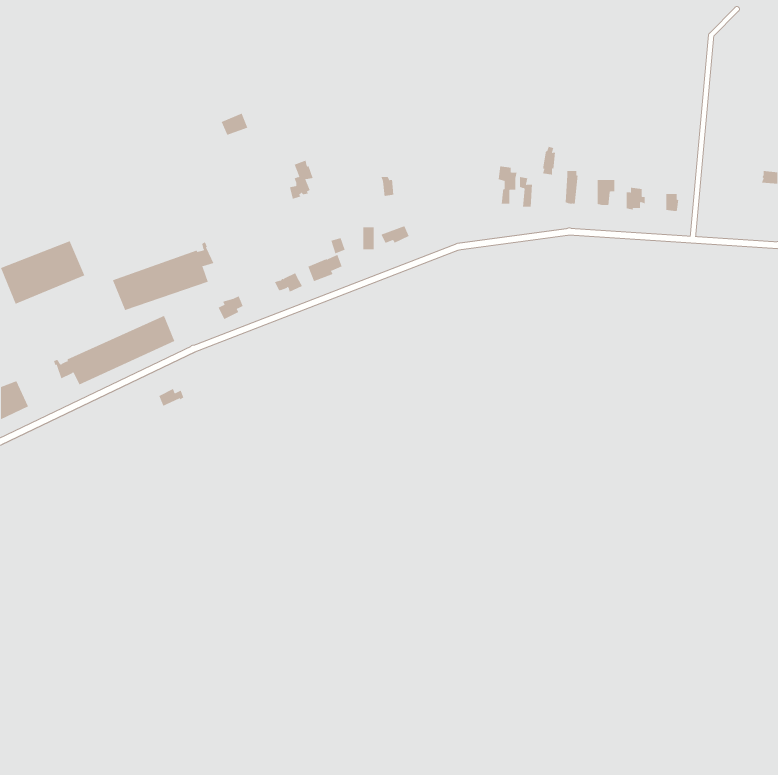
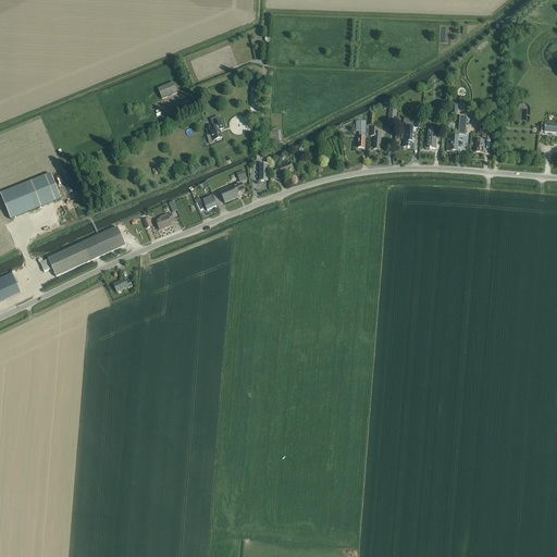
building: [112,242,214,311] -> none

